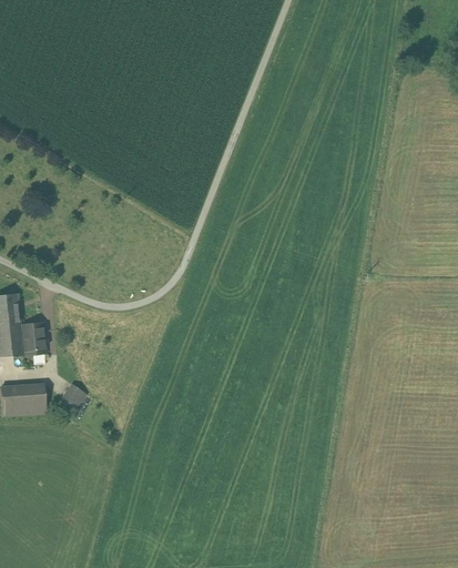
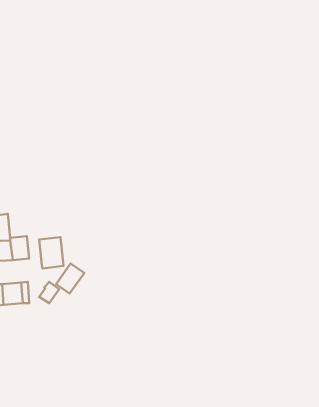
building: none -> [39,237,64,268]
building: none -> [56,264,84,294]

